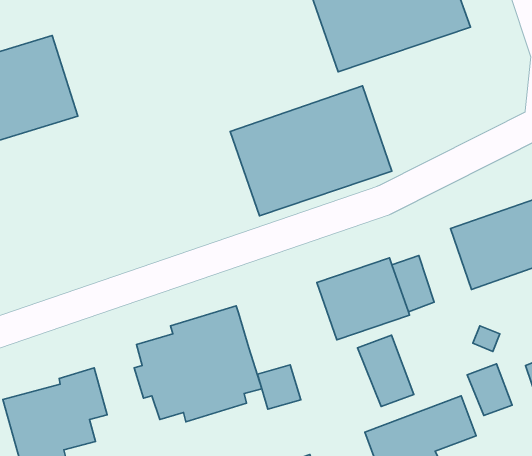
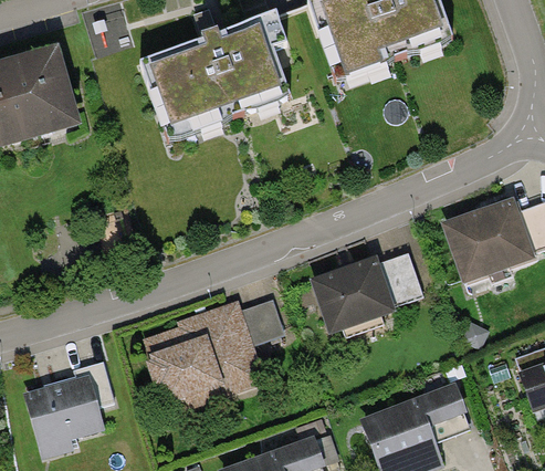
building: [230,86,392,216] -> [138,15,291,138]
building: [358,335,414,406] -> none
building: [467,364,512,415] -> none
building: [257,365,301,409] -> [242,296,283,338]

